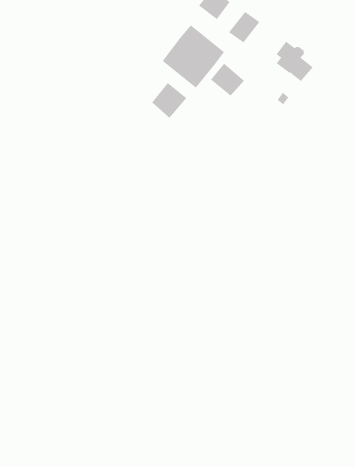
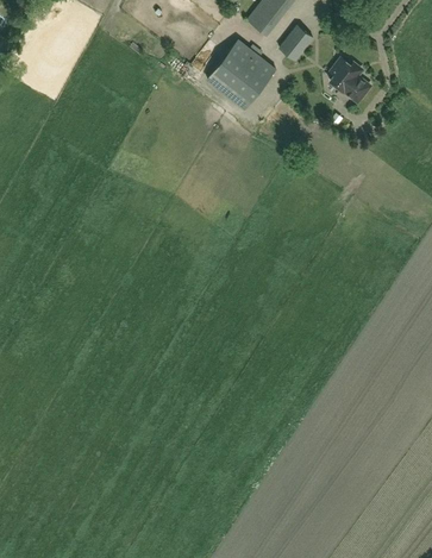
building: [210,63,245,97] -> none
building: [152,82,187,118] -> none

